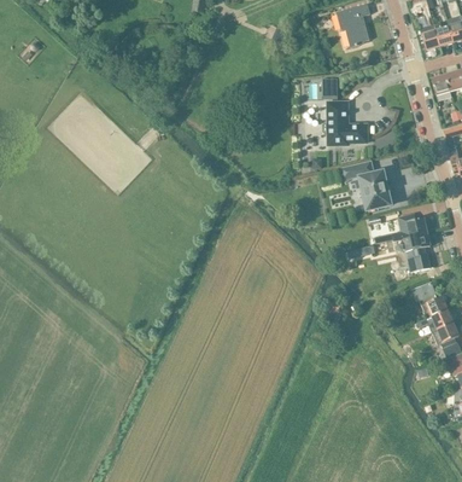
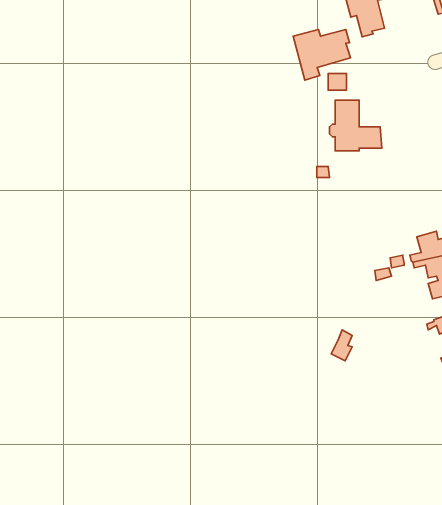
building: none -> [293,29,350,80]
building: [340,161,388,209] -> none

